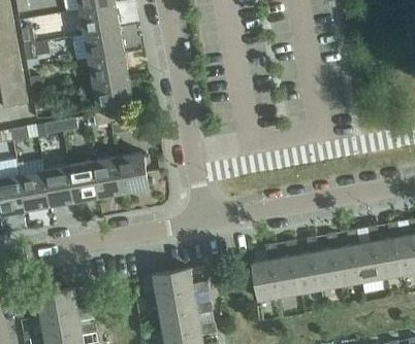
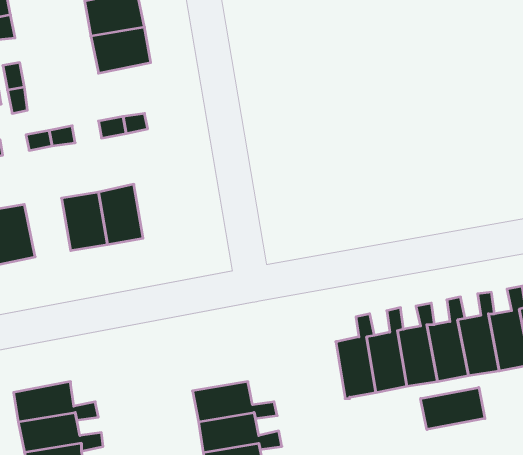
building: [93,76,132,108] -> none
building: [117,153,149,194] -> none
building: [43,167,74,206] -> none
building: [152,269,209,296] -> none
building: none -> [421,387,485,430]

